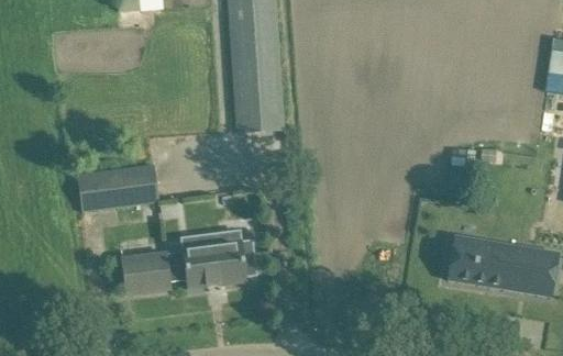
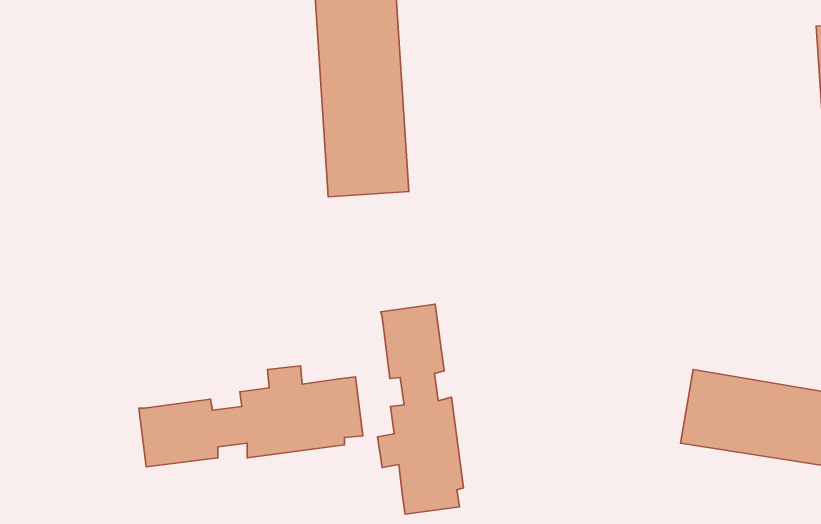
building: [78,164,159,210] -> none
building: none -> [377,304,463,514]

